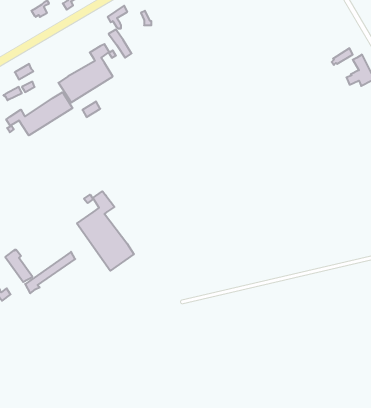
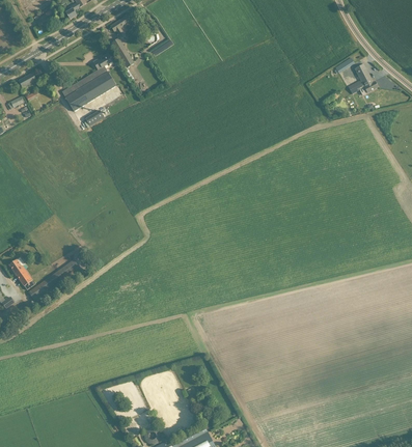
building: [6,92,72,135] -> none
building: [77,191,134,271] -> none

